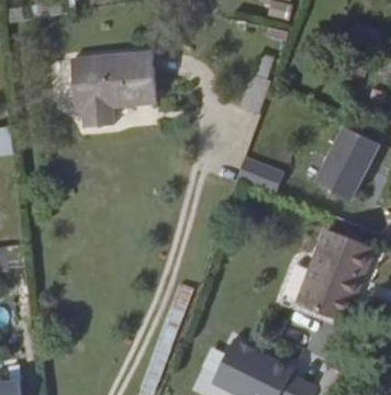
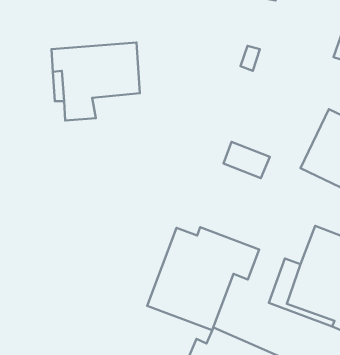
building: none -> [147,227,259,330]

